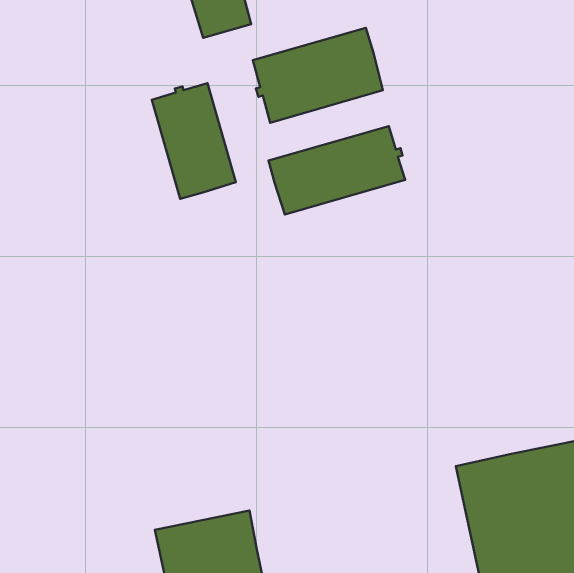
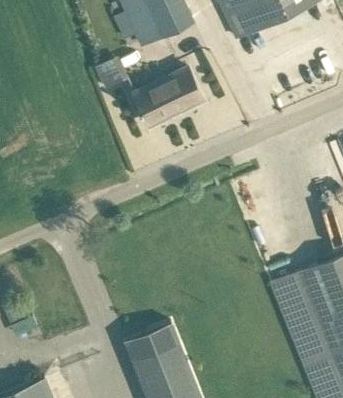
building: [152,83,236,199] -> none
building: [268,126,405,214] -> none

